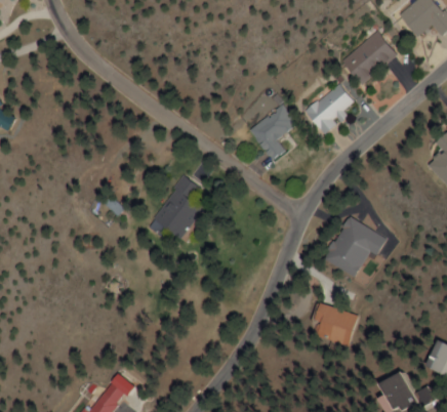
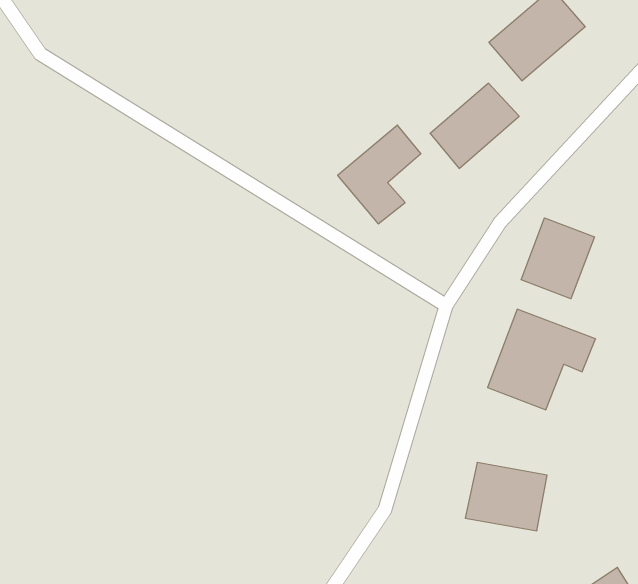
building: none -> [521,218,594,299]
building: [148,175,205,241] -> none

